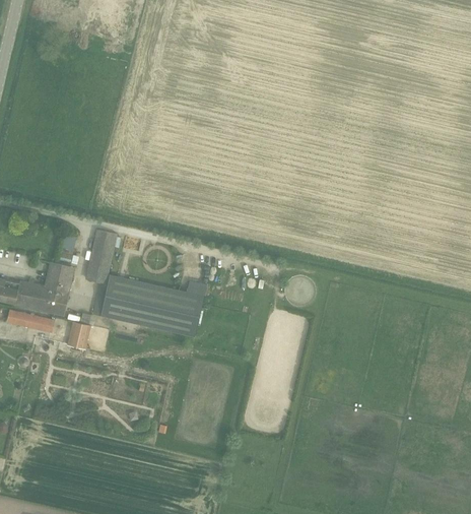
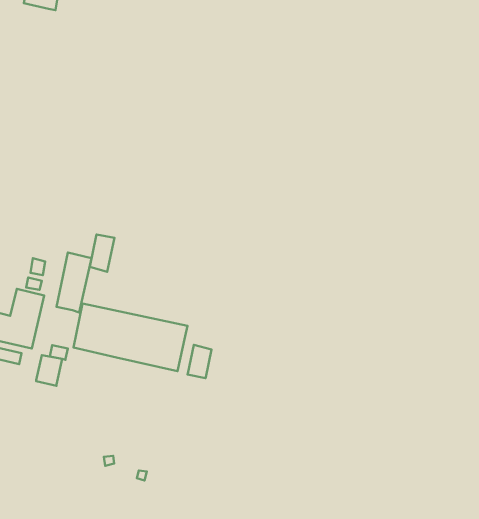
building: none -> [90,234,115,272]
building: none -> [187,345,211,378]

